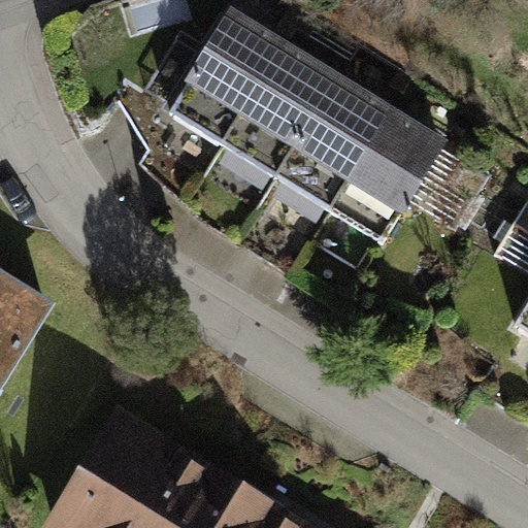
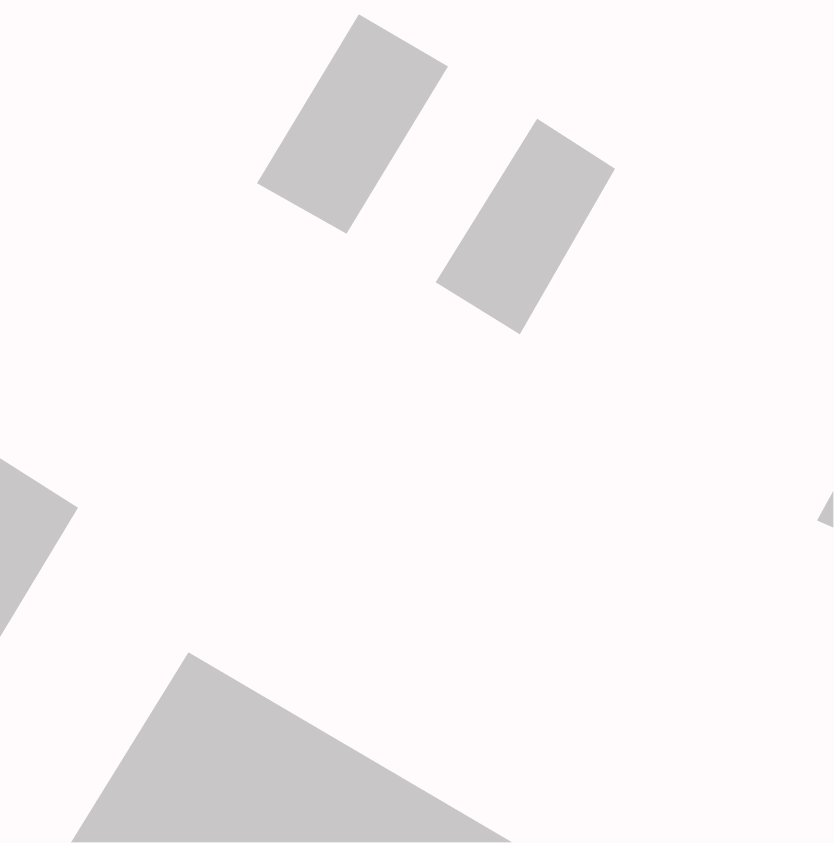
building: [217,41,335,176] -> none
building: [325,105,443,245] -> none

